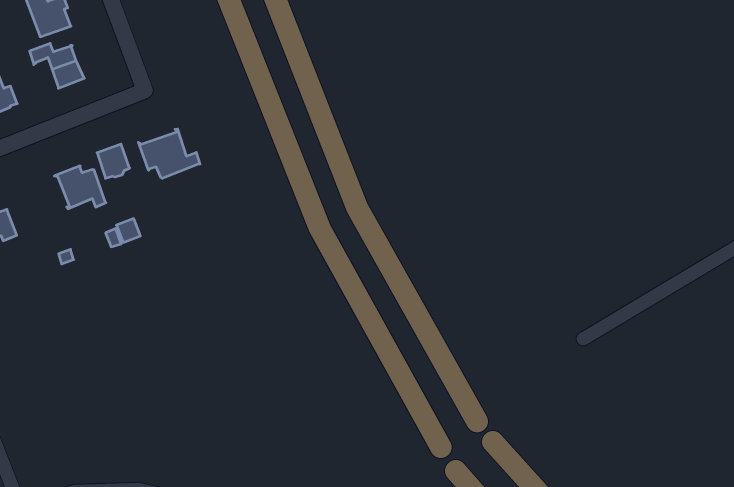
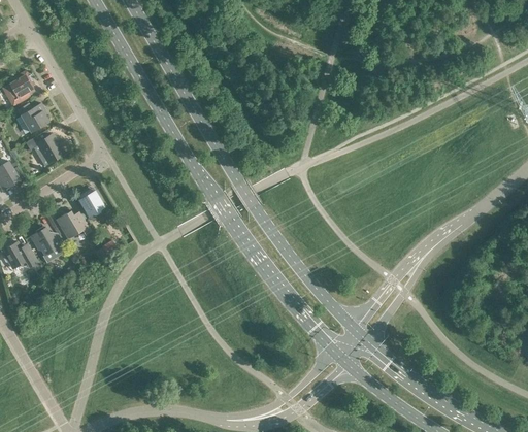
building: [138,129,200,178] -> none
building: none -> [30,228,66,264]

